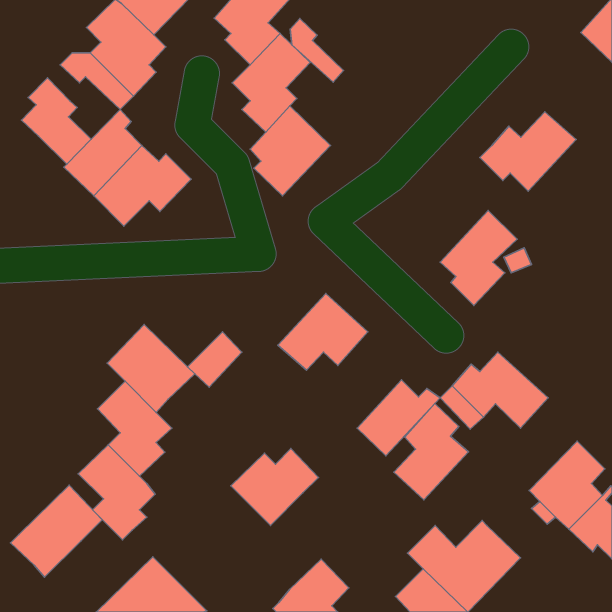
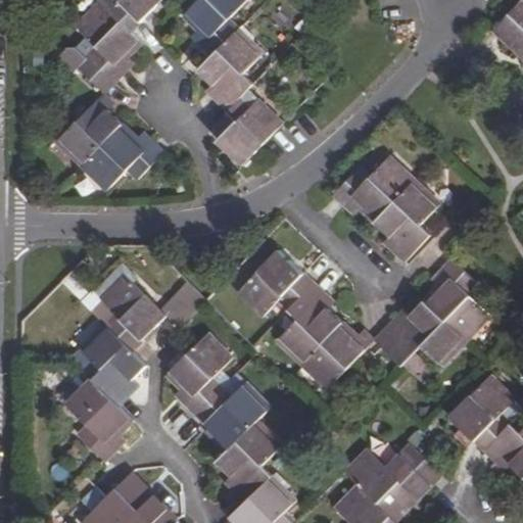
building: [290,18,344,82] -> none
building: [22,78,91,164] -> none
building: [480,112,576,191] -> [333,155,415,223]
building: none -> [423,258,489,338]
building: none -> [170,332,233,413]
building: [394,404,468,500] -> [278,282,341,364]
building: [10,485,102,577] -> none
building: none -> [218,419,283,501]

